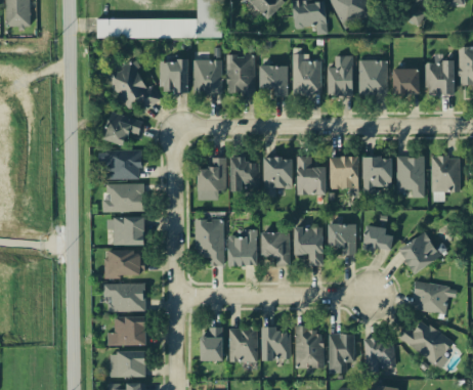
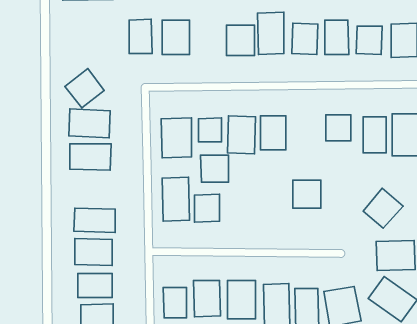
building: [230,55,256,96] -> none
building: [107,60,158,118] -> none
building: [328,156,358,187] -> none
building: [112,217,147,244] -> none
building: [363,218,390,248] -> none
building: [294,228,324,259] -> none
building: [259,232,288,260] -> [200,155,229,182]

